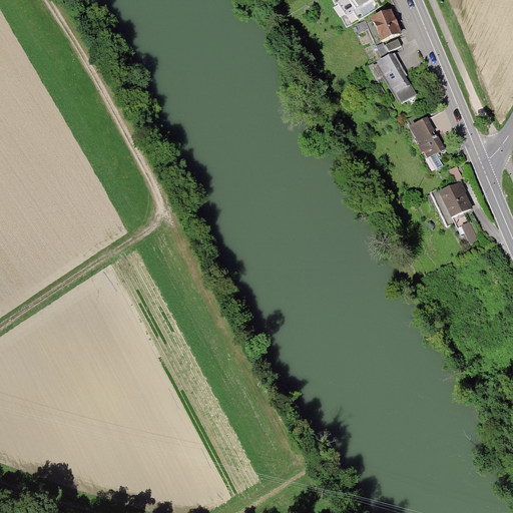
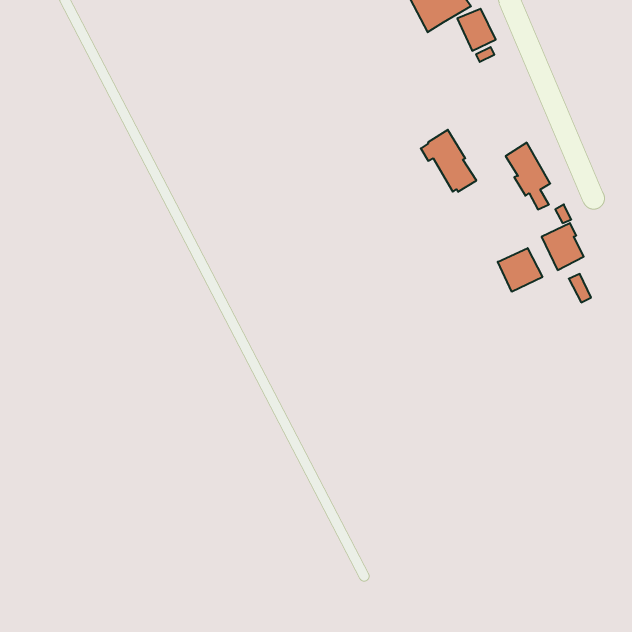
building: [371,51,416,101] -> [421,130,476,192]
building: none -> [498,248,542,292]

